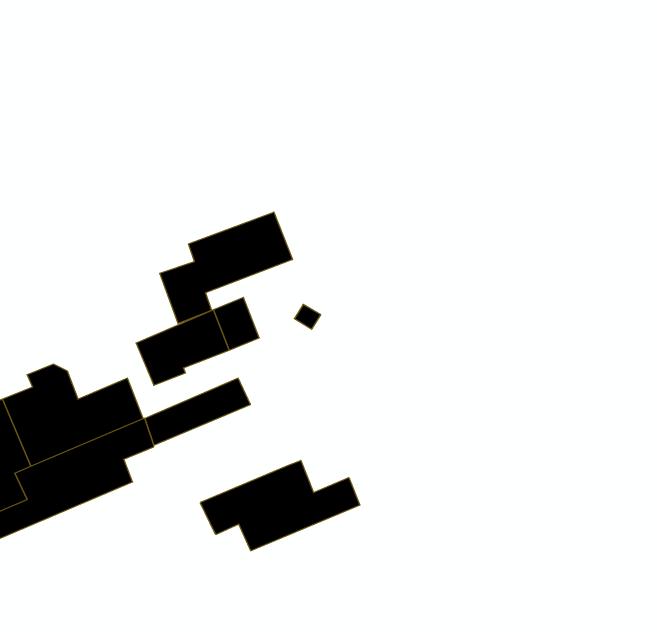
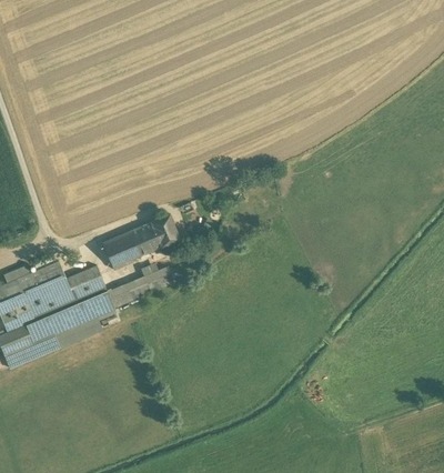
building: [160,212,292,324] -> none
building: [201,460,360,551] -> none

